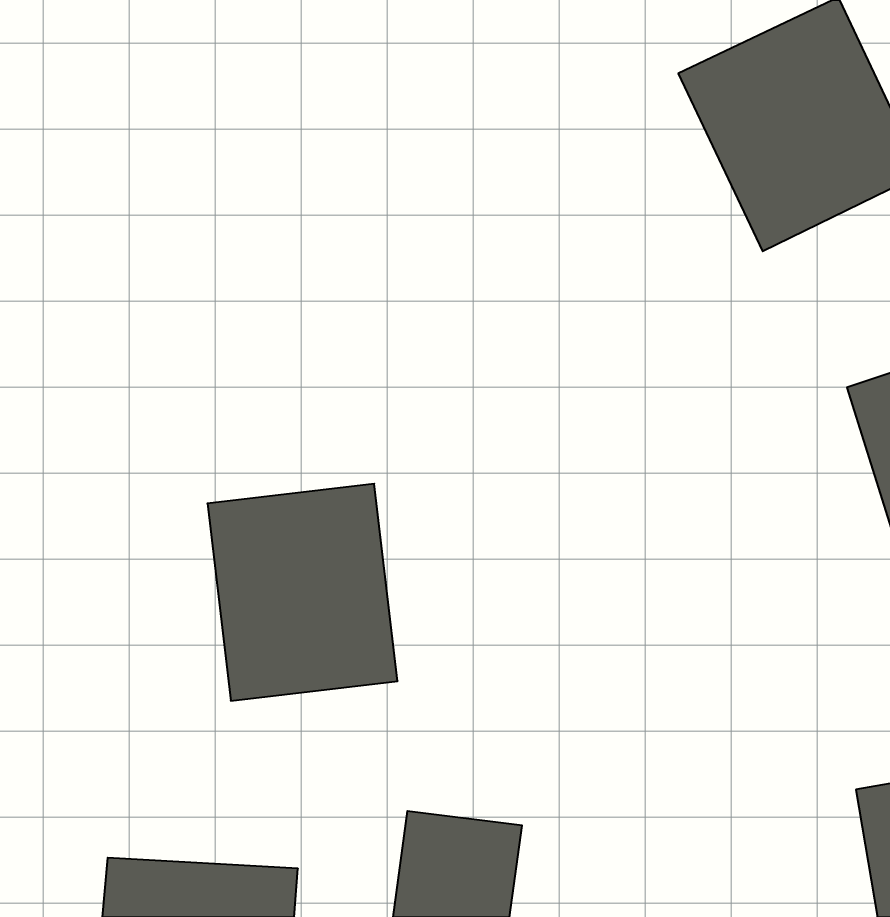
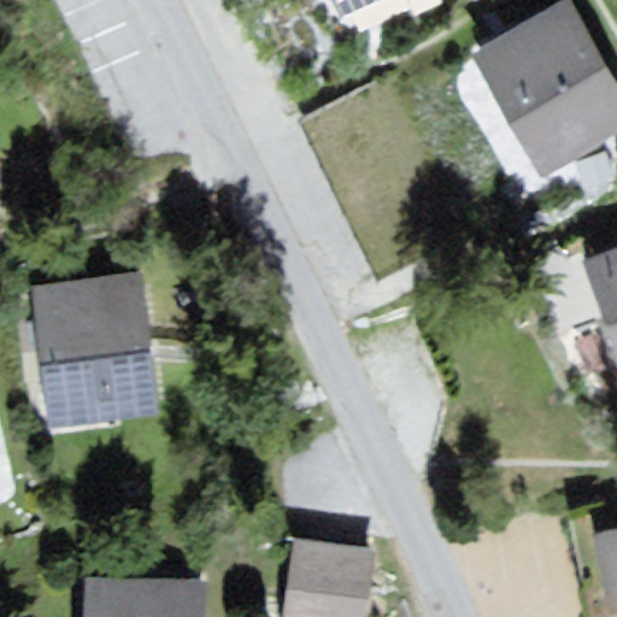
building: [207,484,398,701] -> [29,280,157,425]

